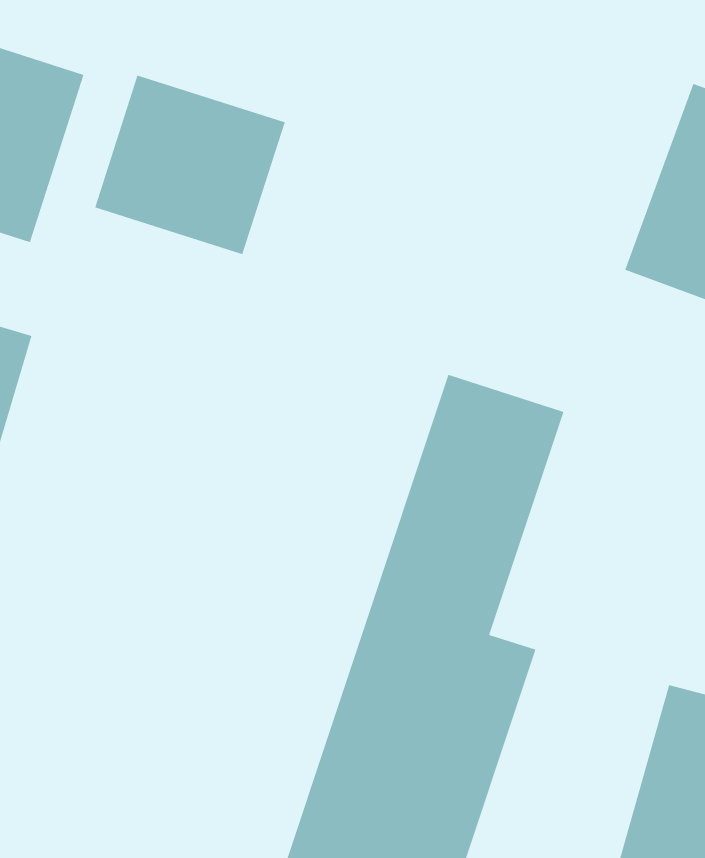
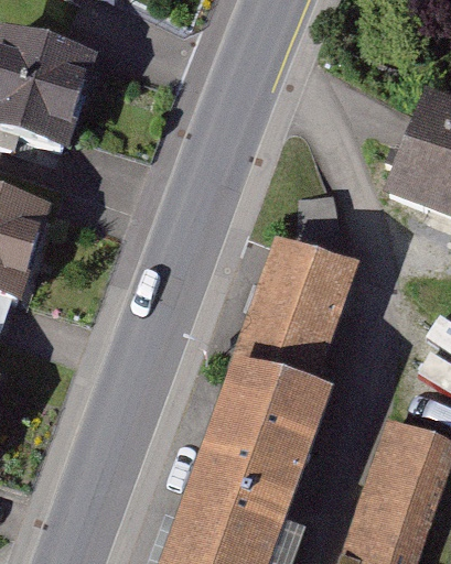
building: [94,74,286,255] -> none

